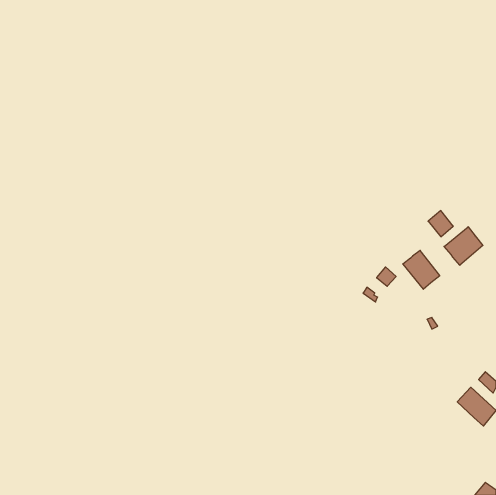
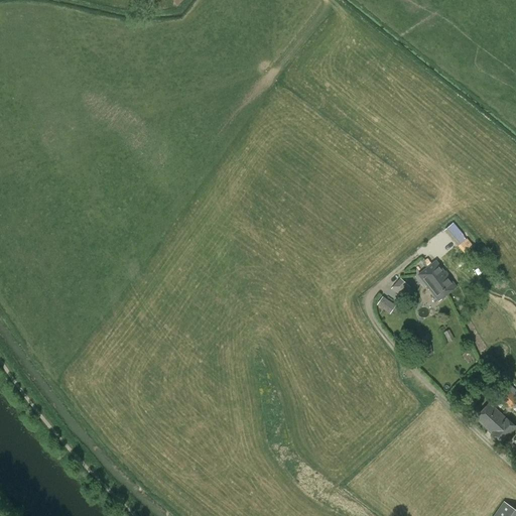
building: [444,227,483,265] -> none

